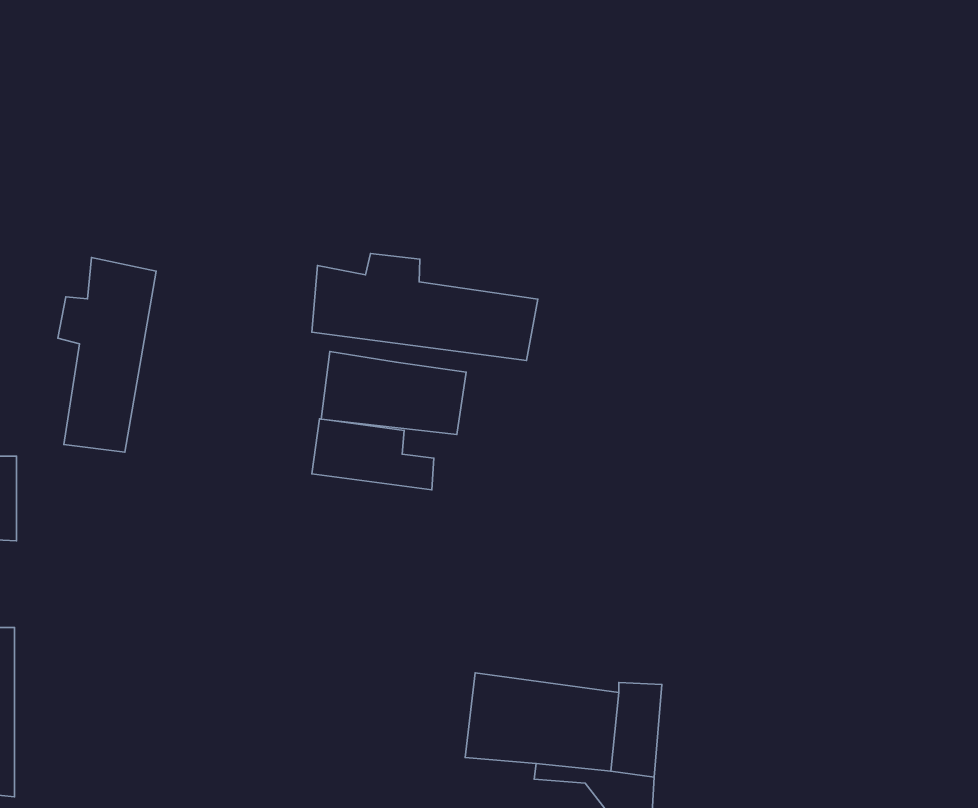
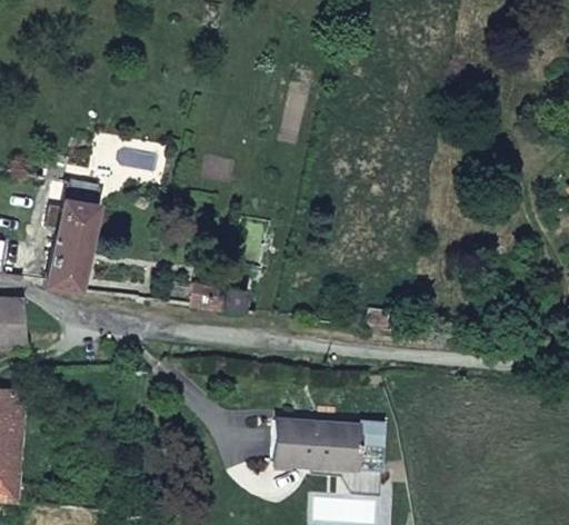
building: [312,253,538,360] -> none
building: [321,352,466,434] -> none

